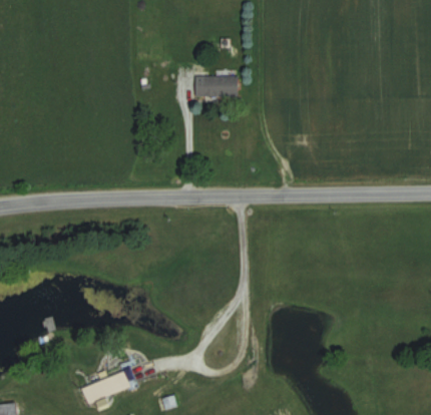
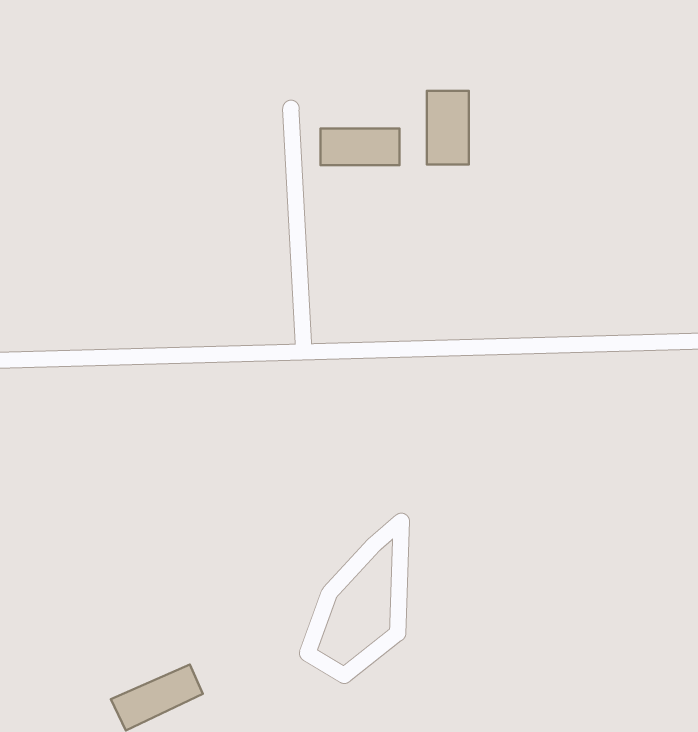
building: none -> [427,91,469,165]

